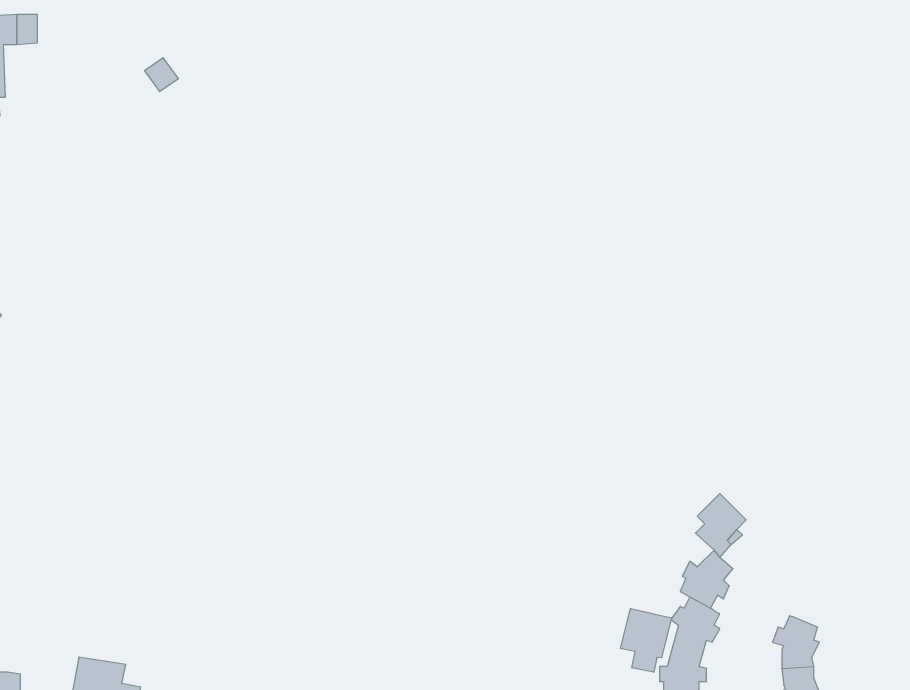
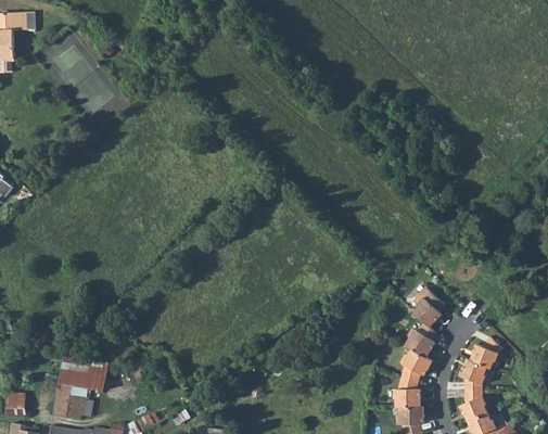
building: none -> [471,336,500,368]
building: none -> [58,356,106,391]
building: [621,608,671,672] -> none

